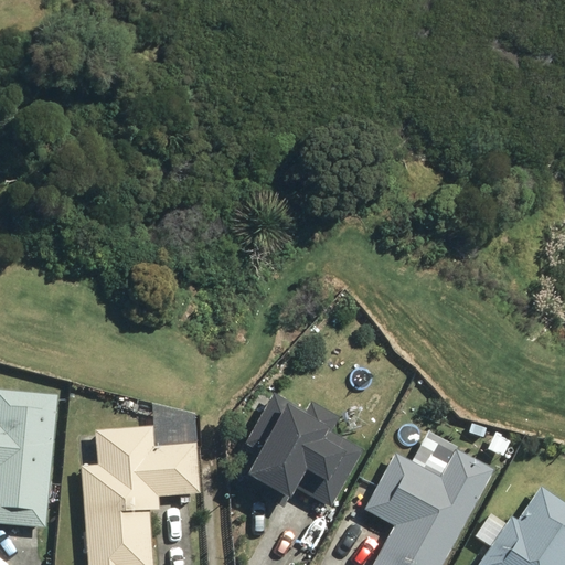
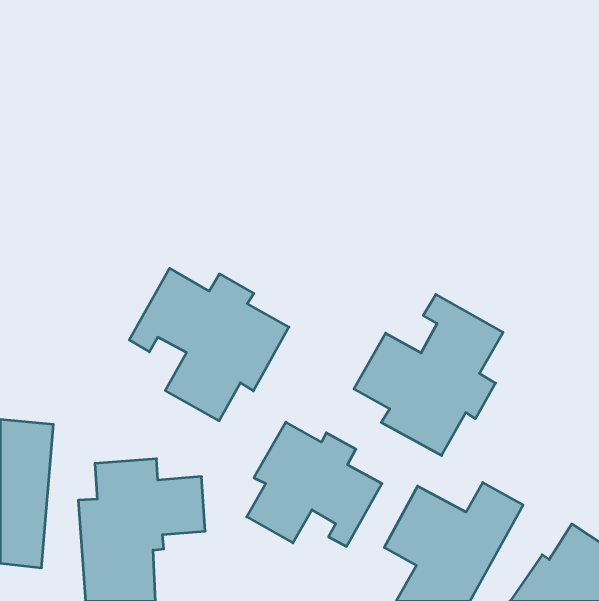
building: none -> [129,268,289,421]
building: none -> [354,294,503,456]

